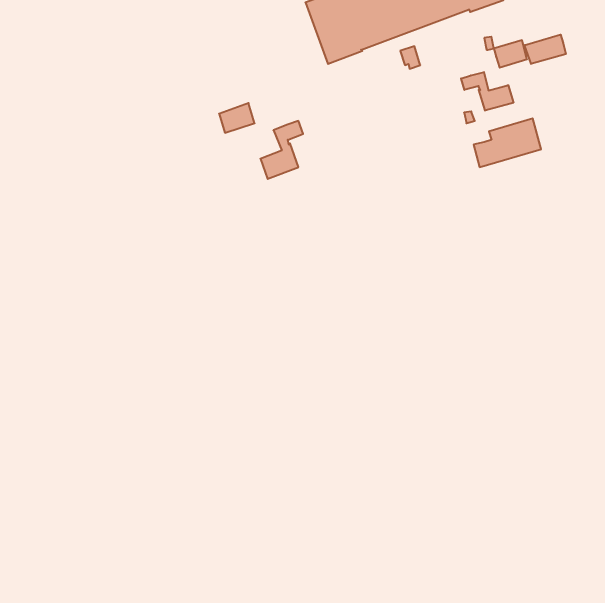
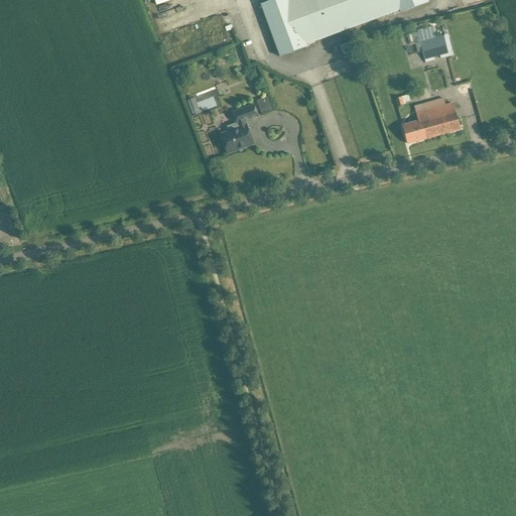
building: [525,35,566,64] -> none
building: [461,72,513,111] -> none

